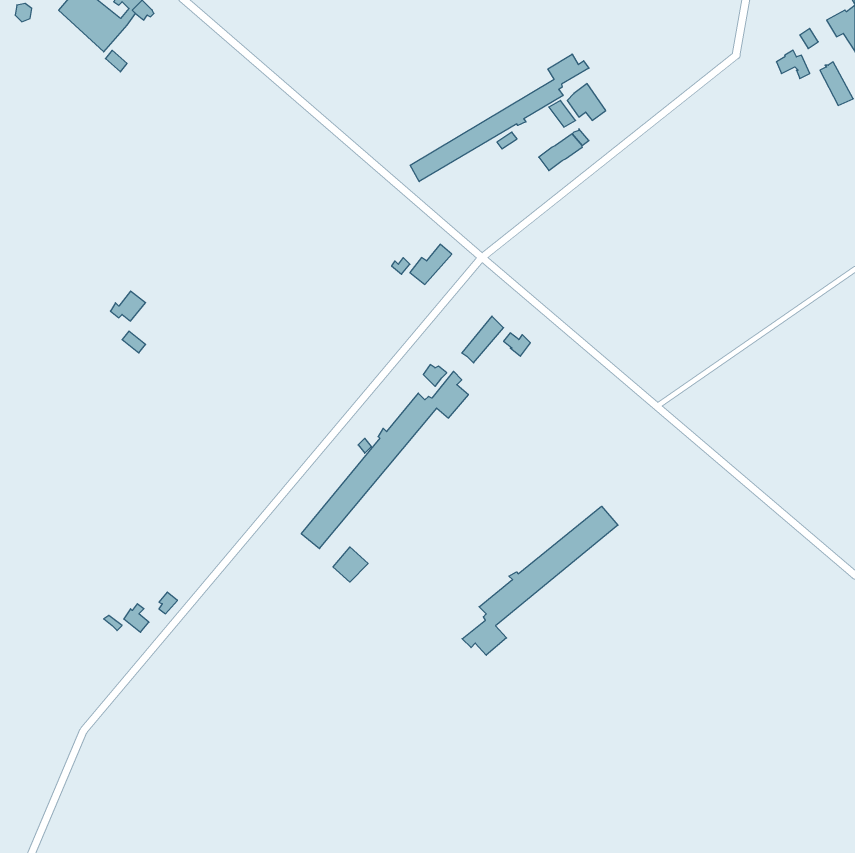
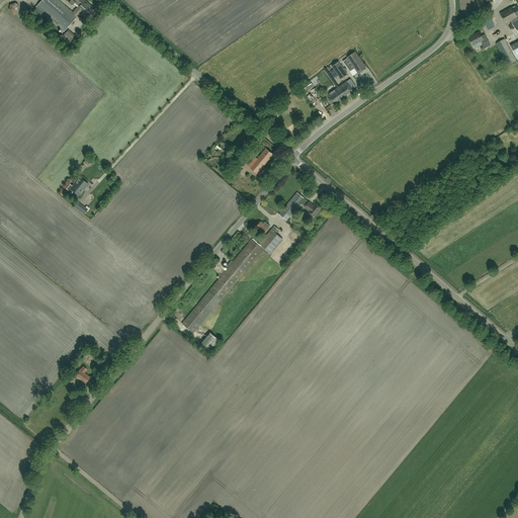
building: [410,54,589,182] -> none
building: [462,506,618,655] -> none

